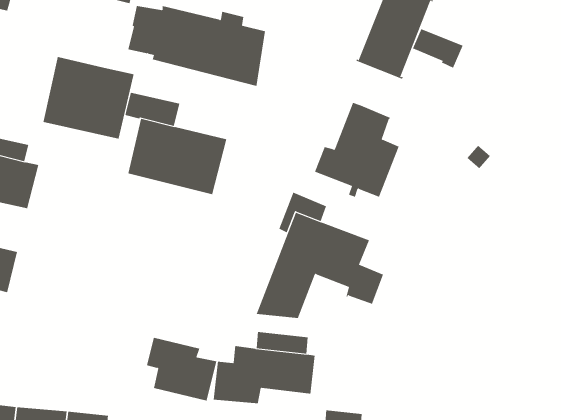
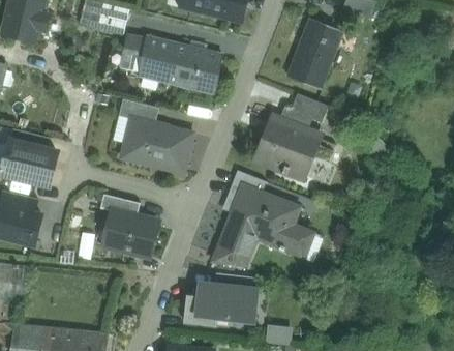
building: [412,28,464,68] -> [291,93,328,122]
building: [43,56,135,139] -> none
building: [146,337,217,401] -> [105,209,157,256]

